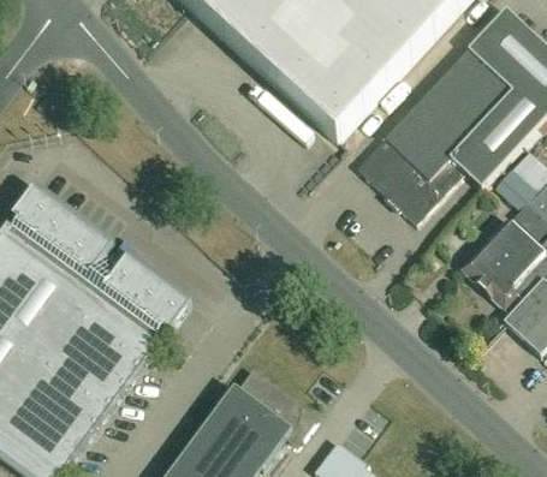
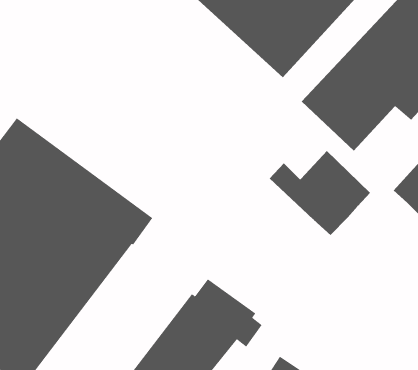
building: none -> [269,150,371,236]

